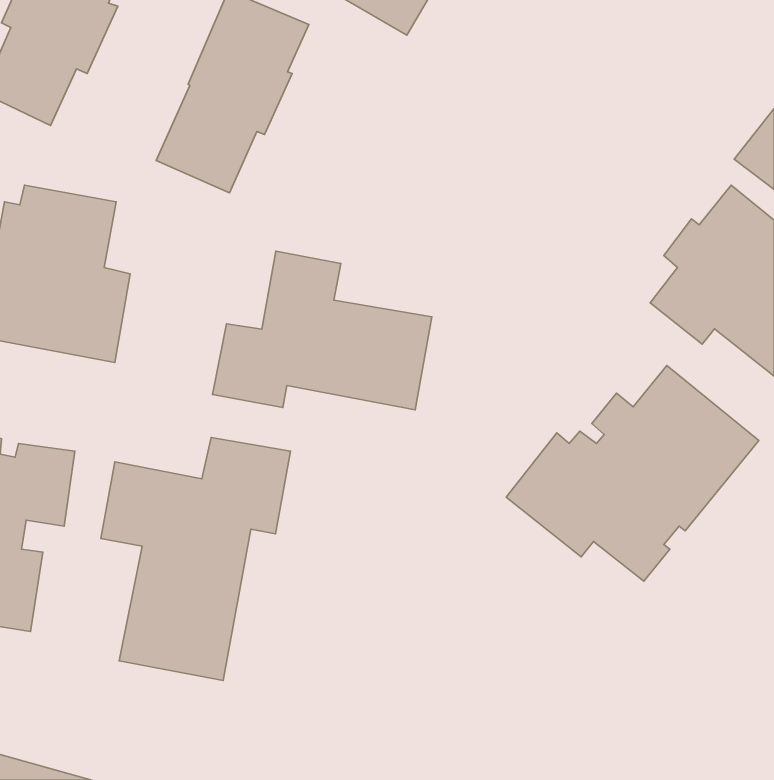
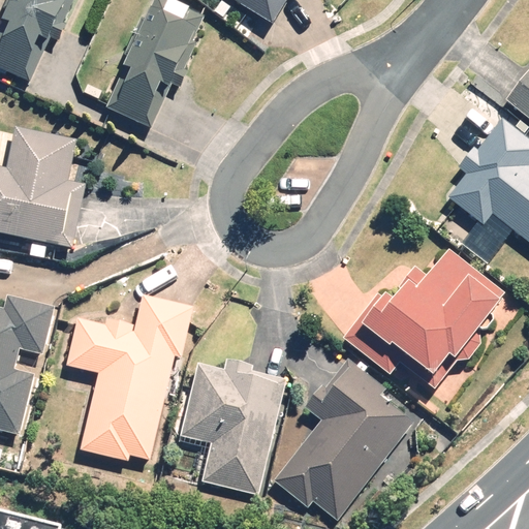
building: [212,251,432,410] -> none
building: none -> [276,355,419,520]
building: none -> [184,361,282,494]

